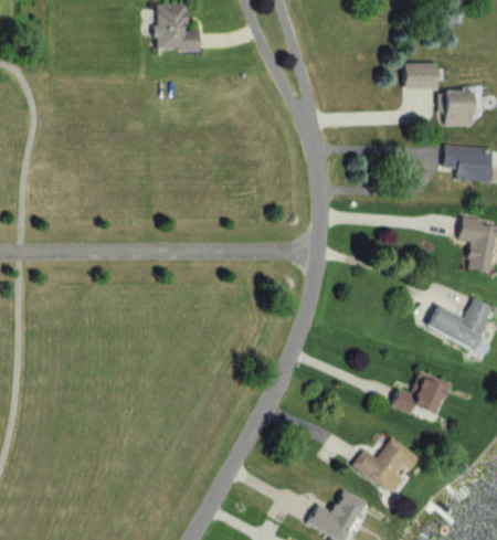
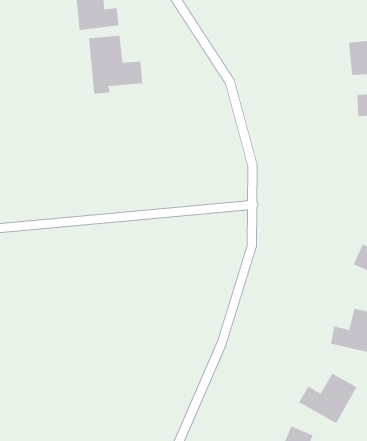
building: none -> [89,35,143,95]
building: [404,63,437,88] -> none

